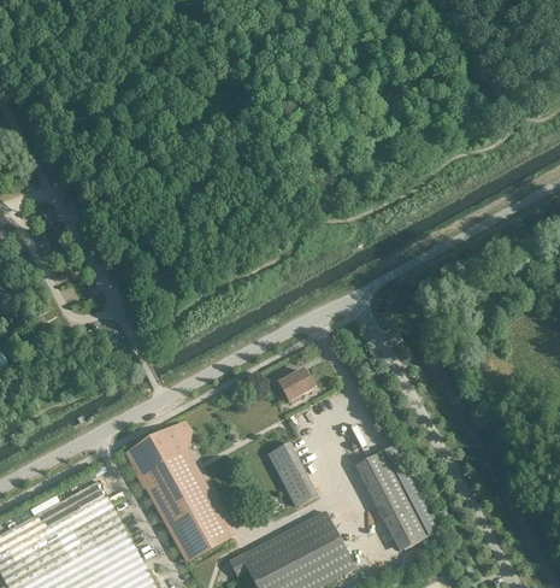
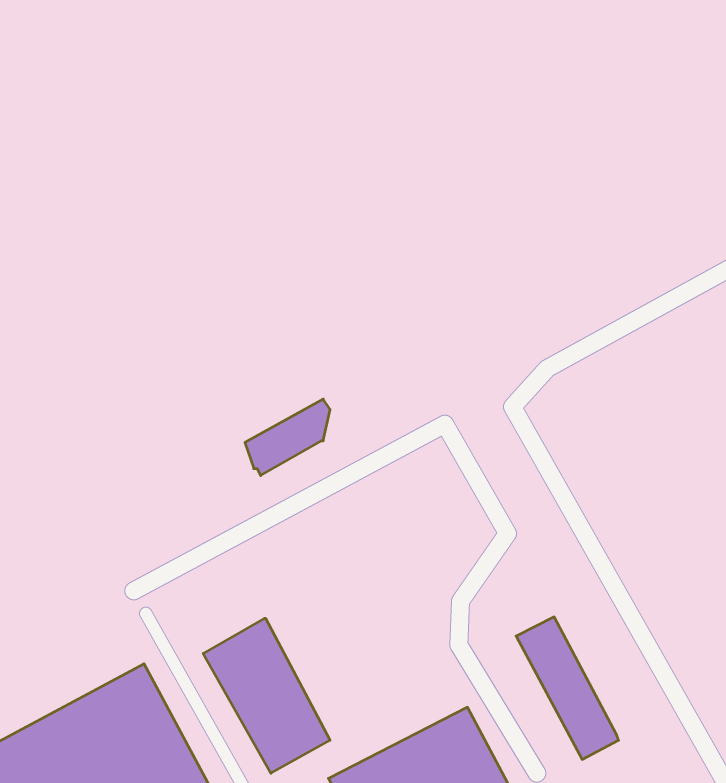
building: [269,370,314,404] -> none
building: [130,423,189,476] -> [245,399,330,476]
building: [266,442,314,506] -> none

